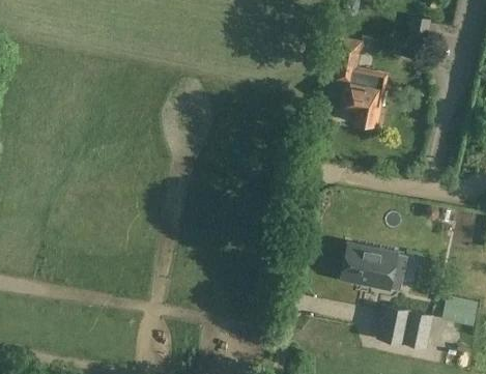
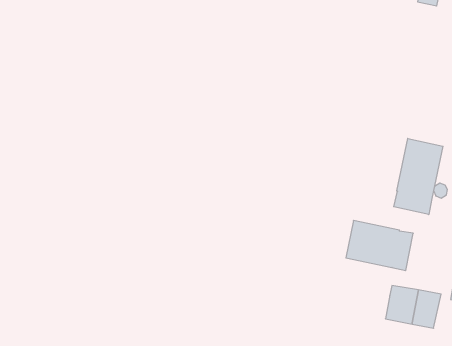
building: [334,37,390,125] -> none
building: none -> [394,138,443,215]

